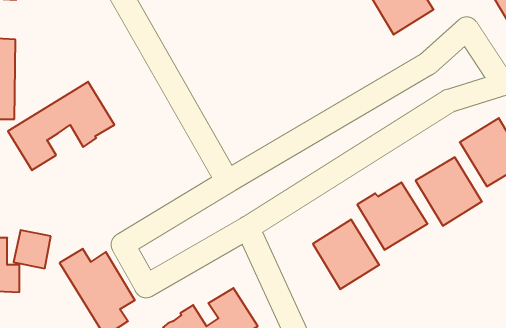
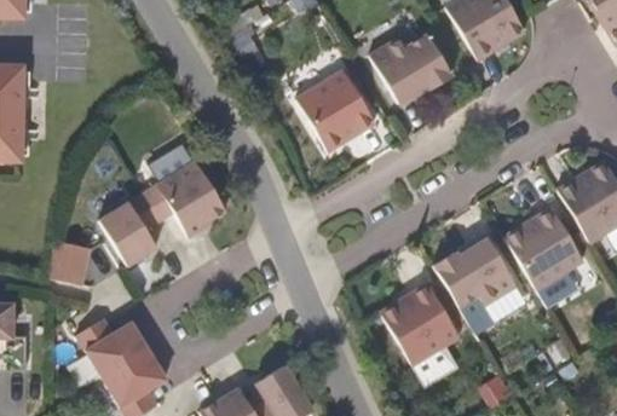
building: none -> [370,24,452,104]
building: none -> [296,70,376,152]
building: [8,82,114,170] -> [99,160,227,266]
building: [14,230,51,268] -> [50,237,94,283]

